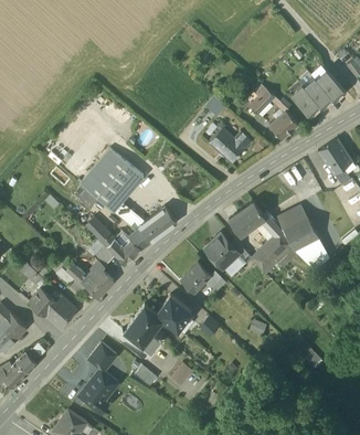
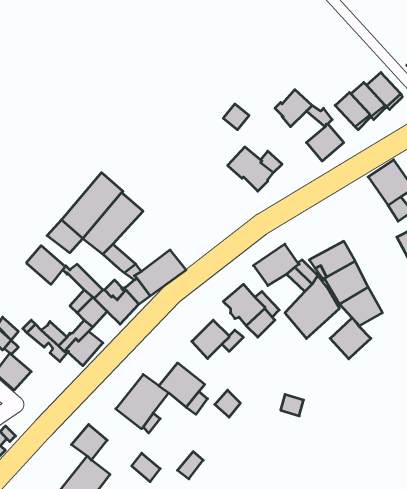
building: none -> [27,246,65,284]
building: none -> [330,318,371,359]
building: [44,297,77,330] -> none

